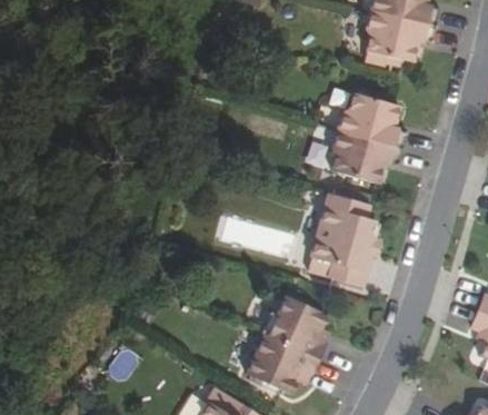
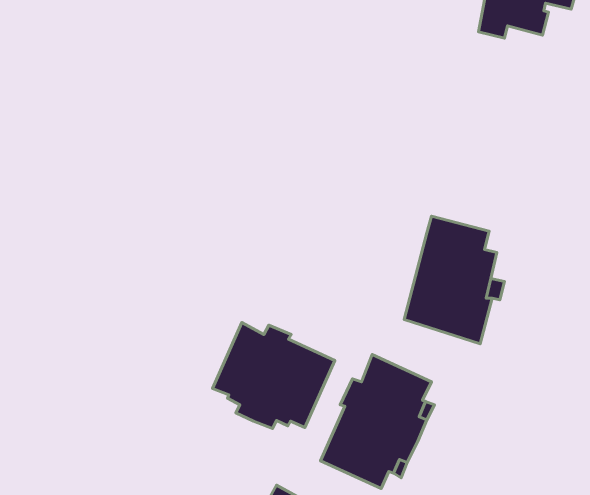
building: [331,90,406,182] -> none
building: none -> [213,323,335,429]

